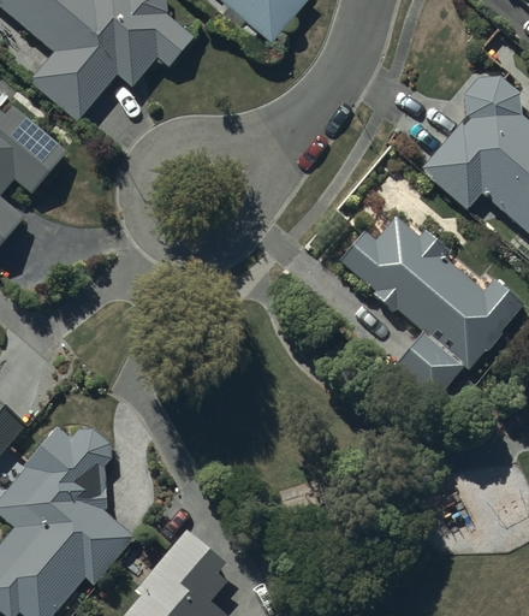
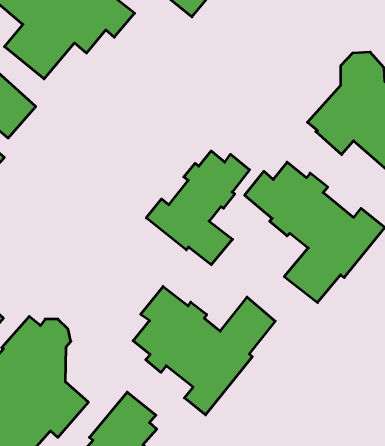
building: none -> [146,151,250,265]
building: none -> [133,286,275,415]

